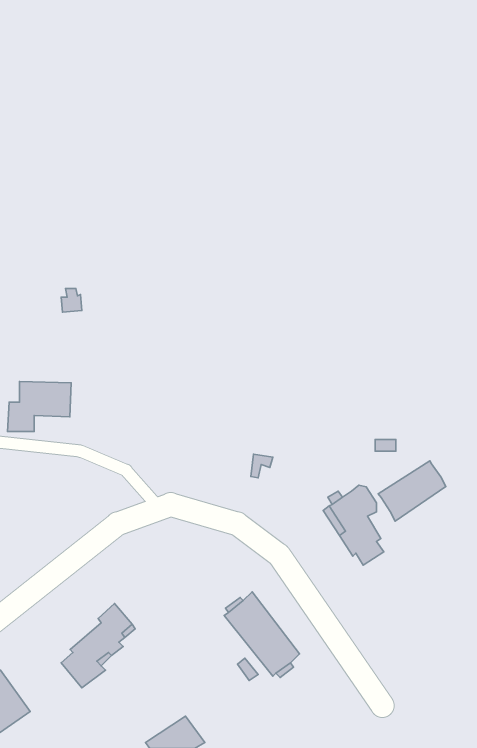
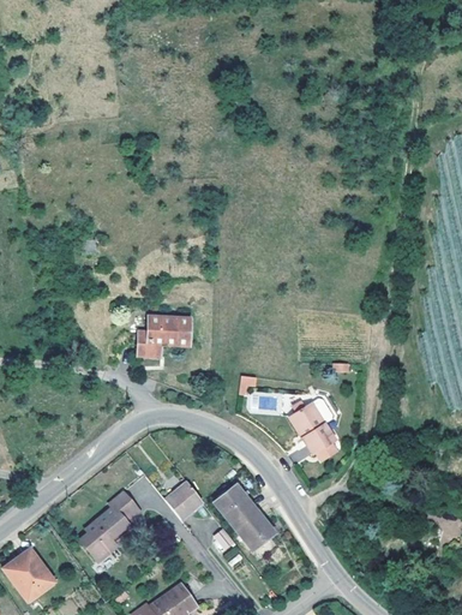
building: [8,381,71,432] -> [132,316,184,357]
building: [378,461,446,521] -> none
building: none -> [166,484,200,519]

